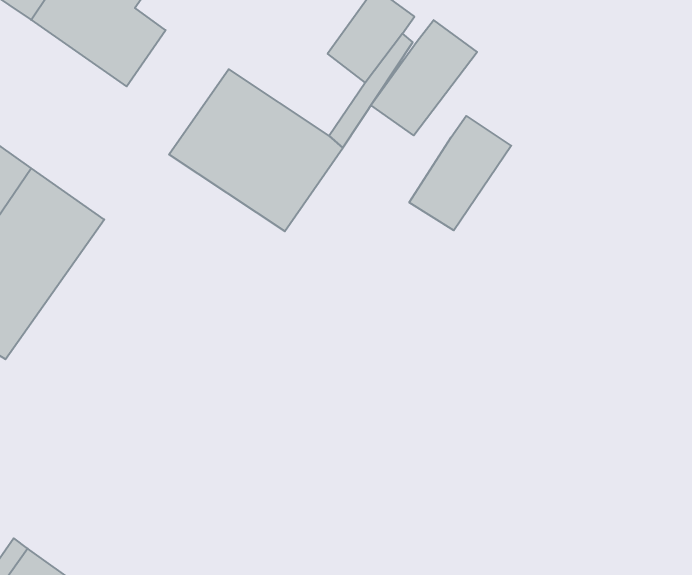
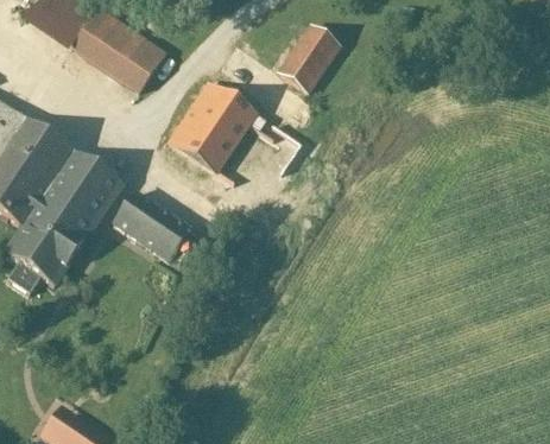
building: [371,20,477,135] -> none
building: [409,116,511,230] -> none
building: none -> [112,194,194,264]

